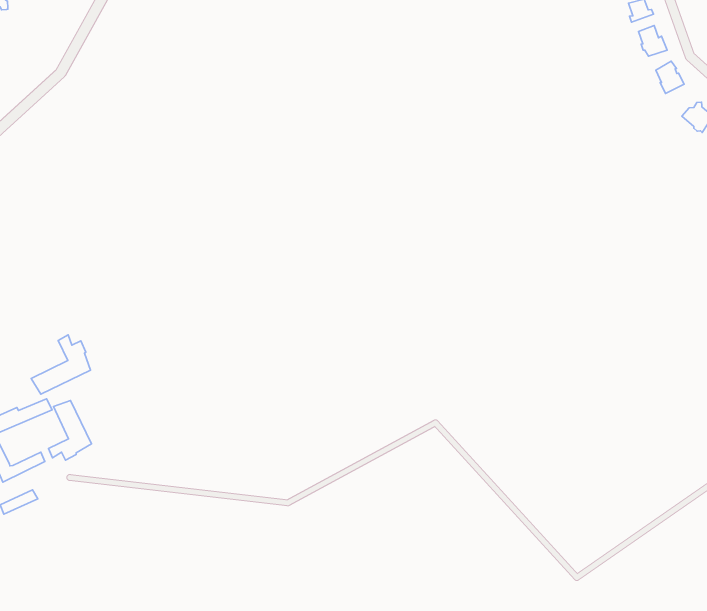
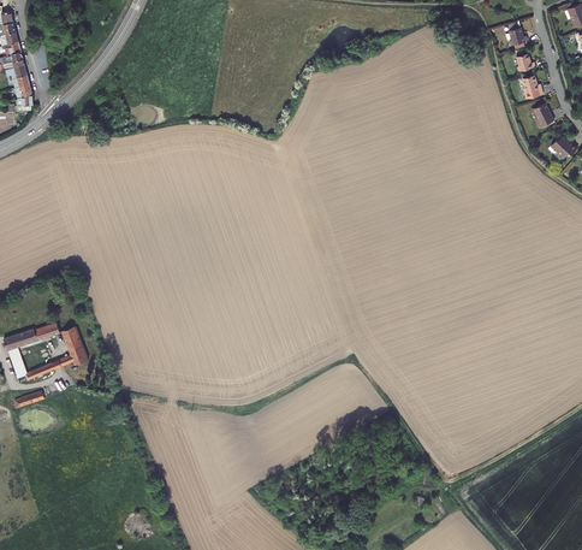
building: [31,335,91,394] -> none

